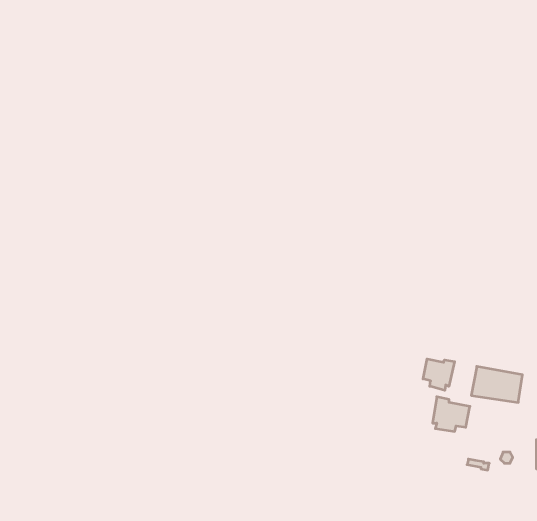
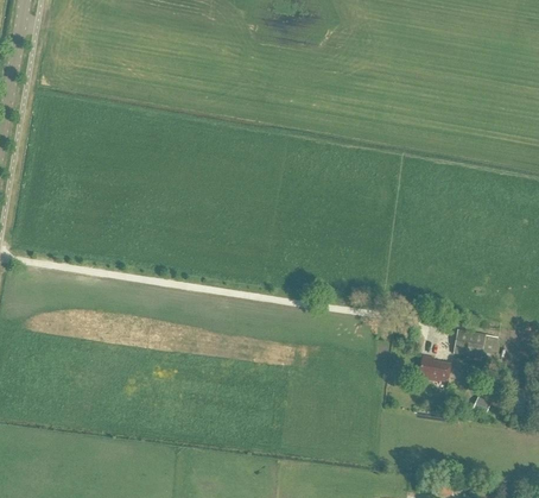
building: [423,359,455,390] -> none

